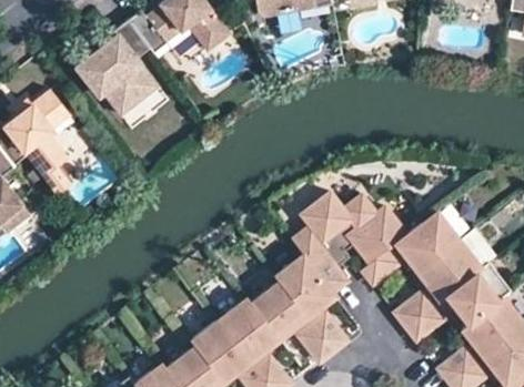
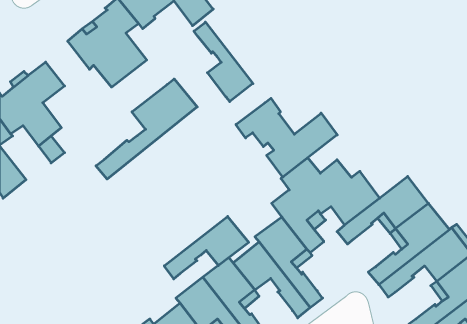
building: none -> [194,22,253,102]
building: none -> [96,79,197,179]
building: none -> [236,98,337,177]
building: none -> [164,216,249,279]

